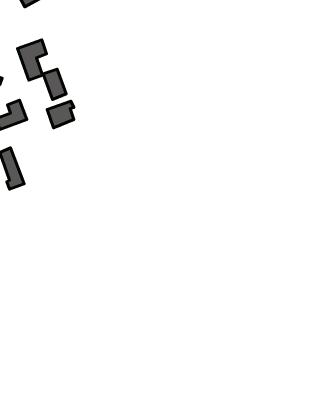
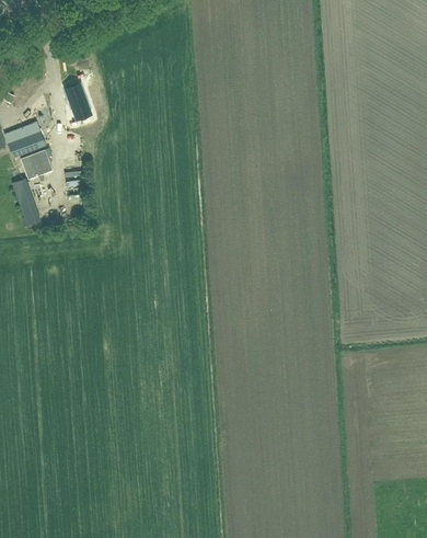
building: [18,40,47,80] -> none
building: [47,101,74,128] -> [21,148,53,180]

